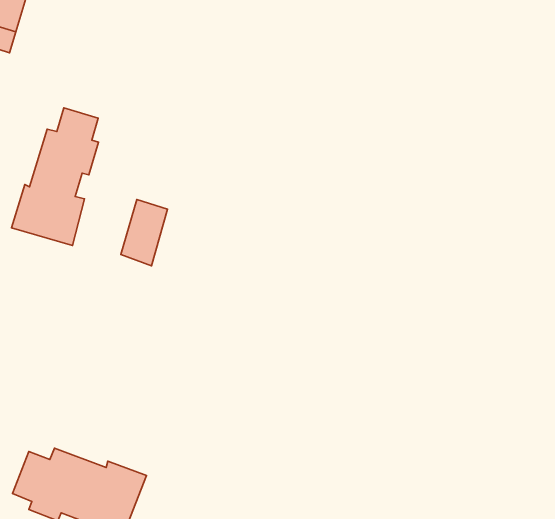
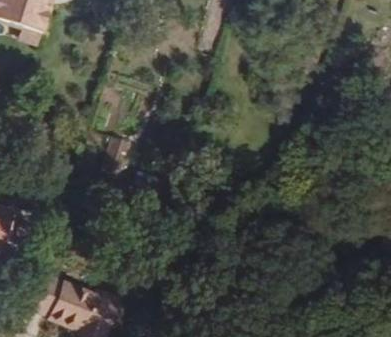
building: [12,108,99,246] -> none

